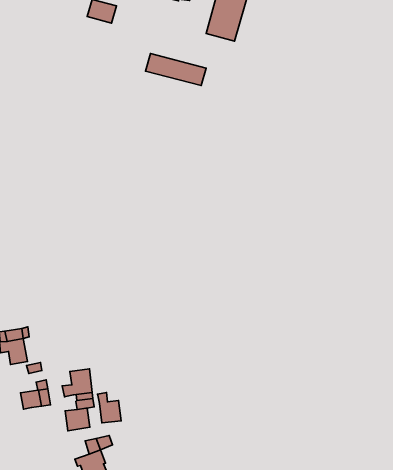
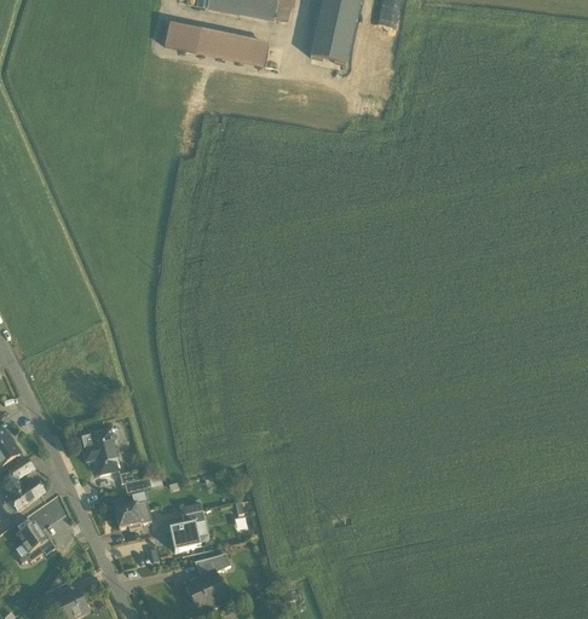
building: [145,53,206,86] -> [195,29,269,64]
building: [62,369,92,397] -> none
building: [97,392,121,423] -> none

